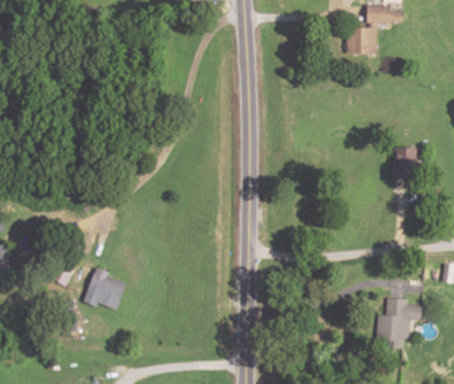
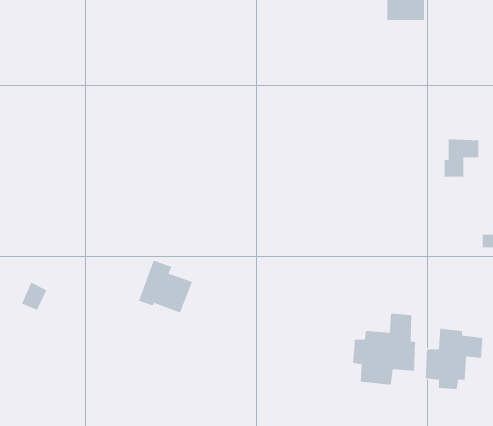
building: [82,267,126,309] -> [138,260,193,313]
building: none -> [353,313,415,385]

